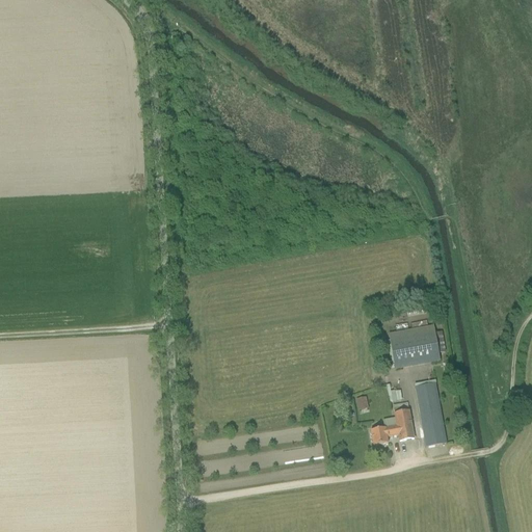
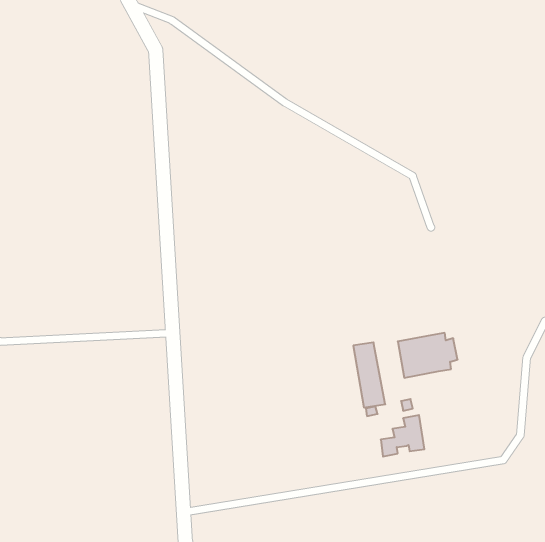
building: [416,382,447,446] -> [353,342,385,407]

